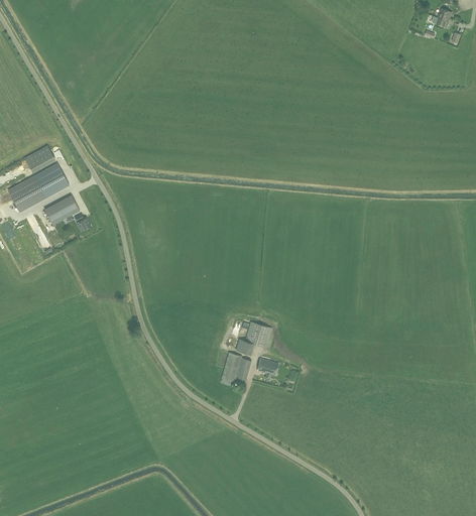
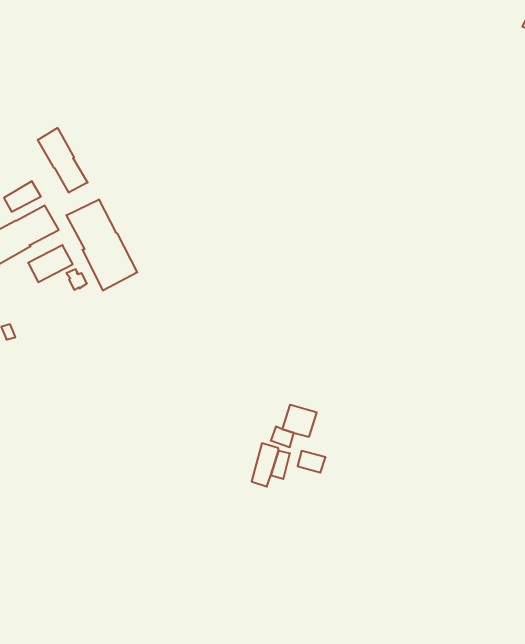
building: none -> [38,128,88,193]
building: none -> [66,199,137,291]

